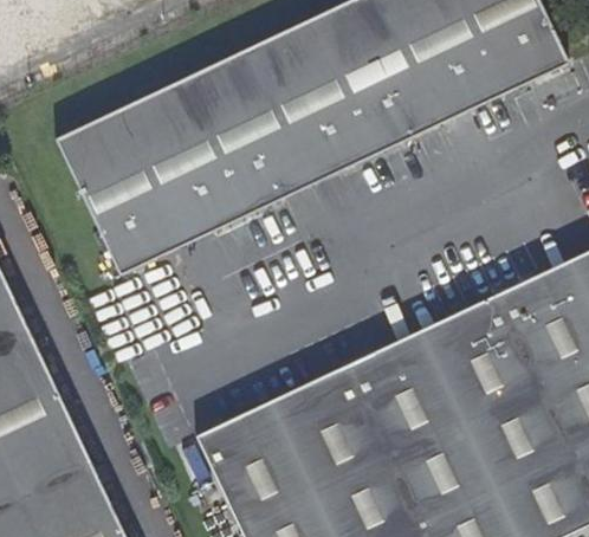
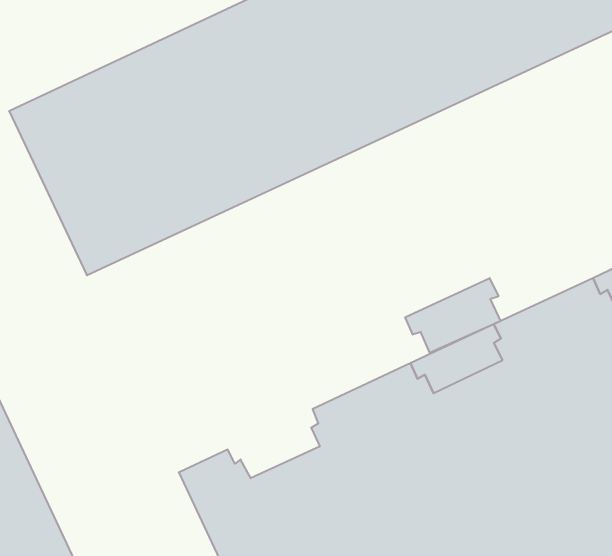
building: none -> [405,278,501,353]
building: [235,383,311,440] -> none

